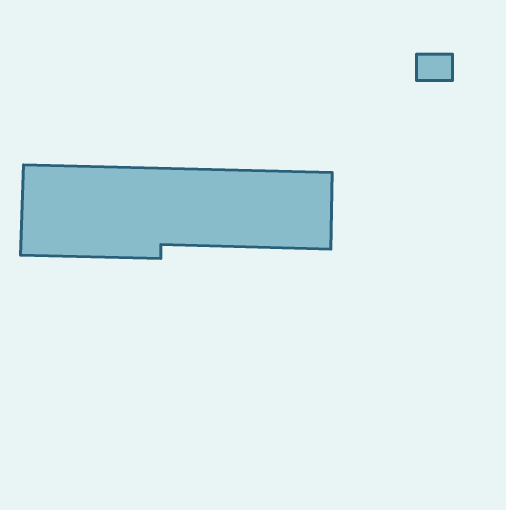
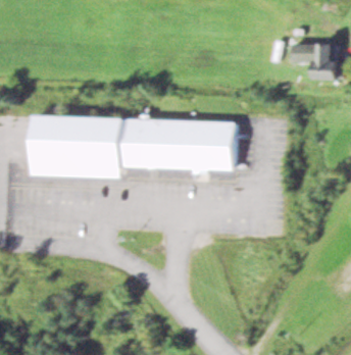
building: none -> [315,44,341,81]

